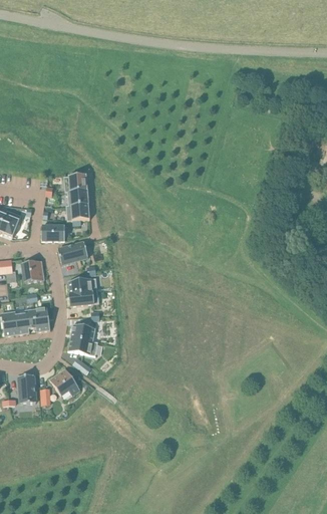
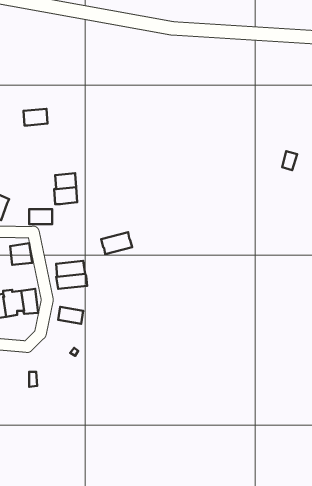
building: [63,174,87,191] -> [24,109,48,126]
building: [57,241,88,263] -> [101,232,132,254]
building: [67,336,97,354] -> none
building: [49,367,76,400] -> none
building: [18,374,36,403] -> none

